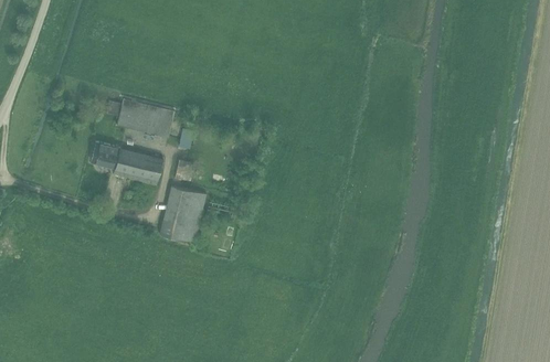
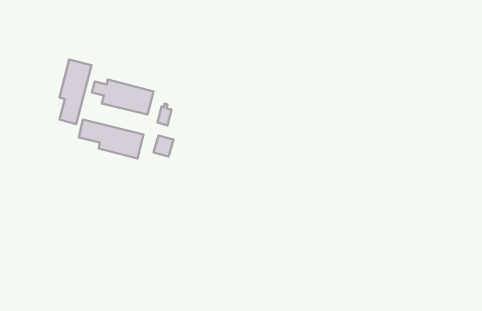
building: none -> [60,59,92,124]
building: [161,187,205,242] -> none

